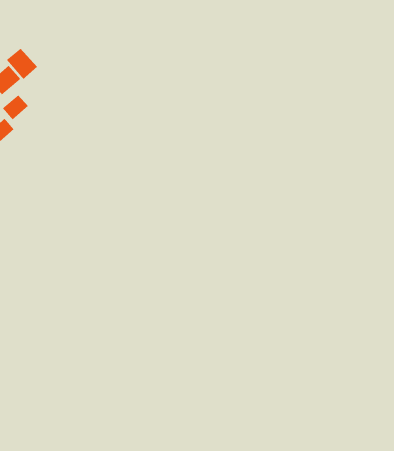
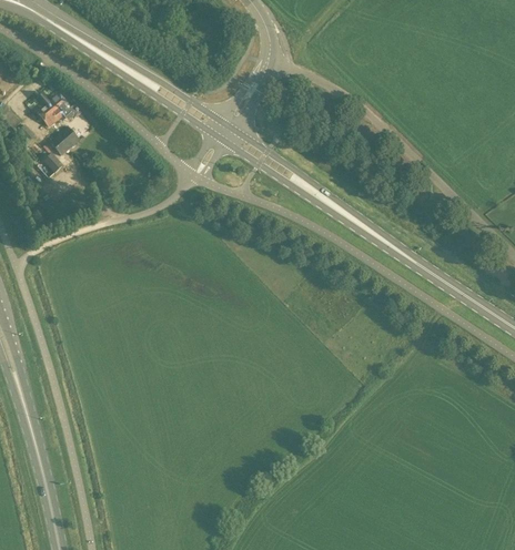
building: [6,48,38,80] -> none

